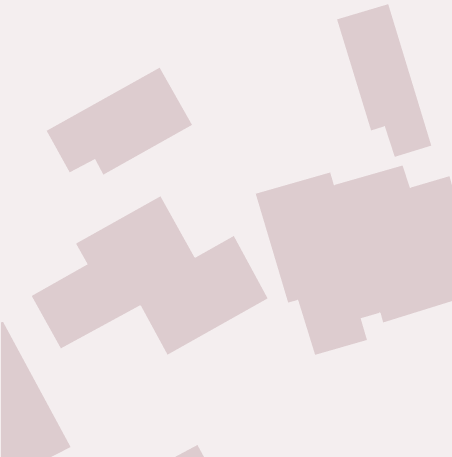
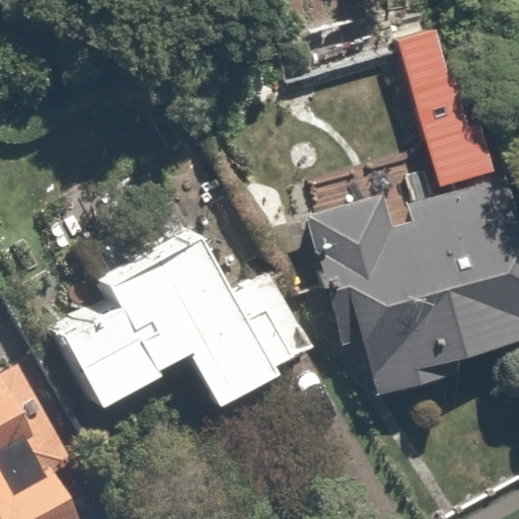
building: [46,67,193,175] -> none

